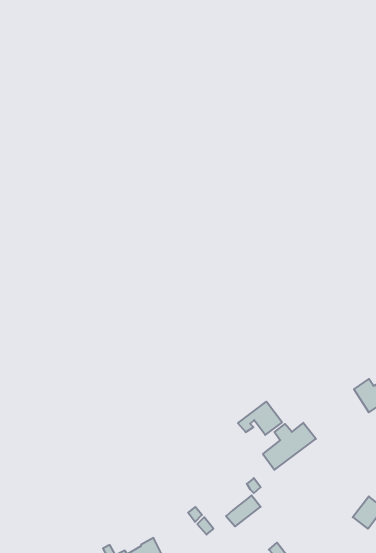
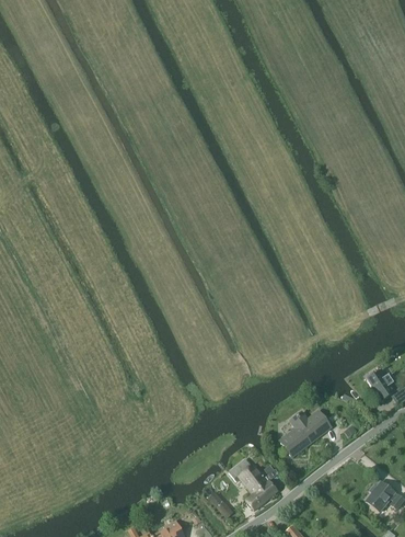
building: [238,402,282,435] -> none
building: none -> [229,458,268,494]

